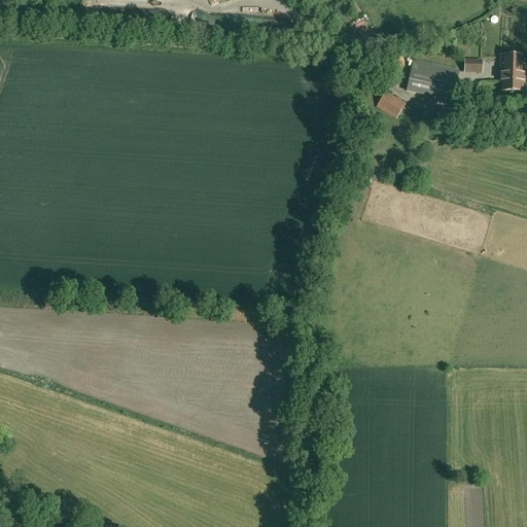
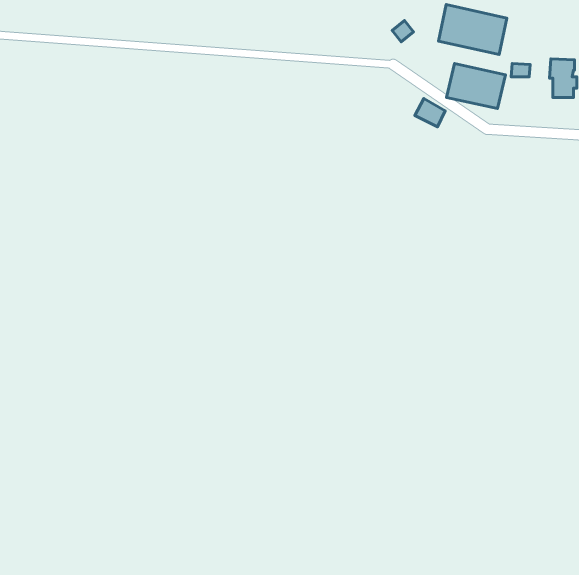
building: none -> [439,5,507,54]

